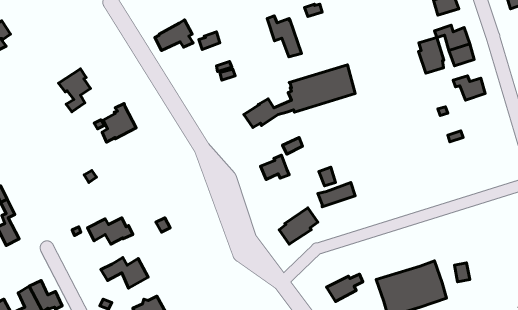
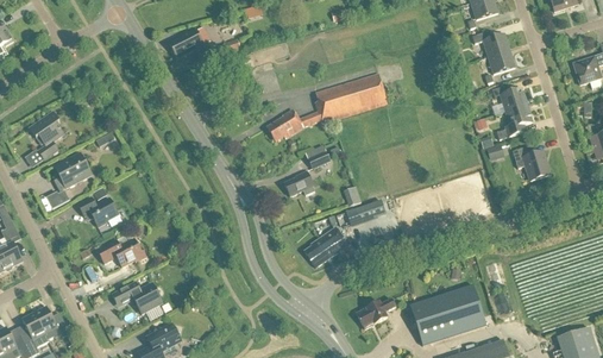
building: [267,16,302,57] -> none
building: [419,37,444,73] -> none
building: [59,69,90,112] -> [29,112,63,158]
building: none -> [496,103,532,139]
building: [102,104,136,142] -> [54,149,90,190]
building: none -> [511,145,548,181]
building: none -> [77,196,118,226]

